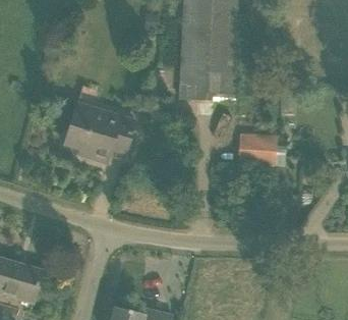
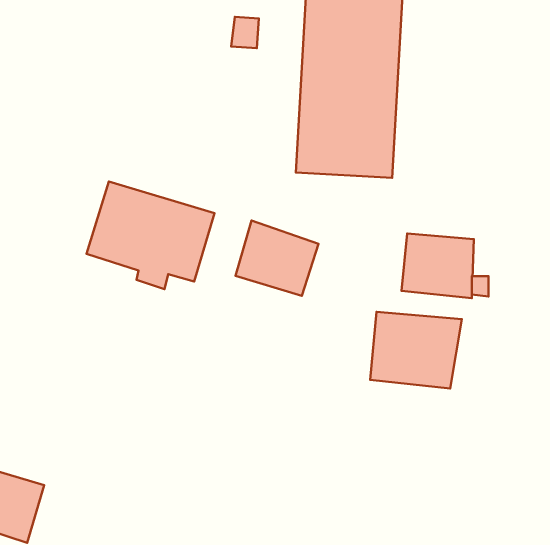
building: none -> [236,220,319,296]
building: none -> [370,312,462,389]

